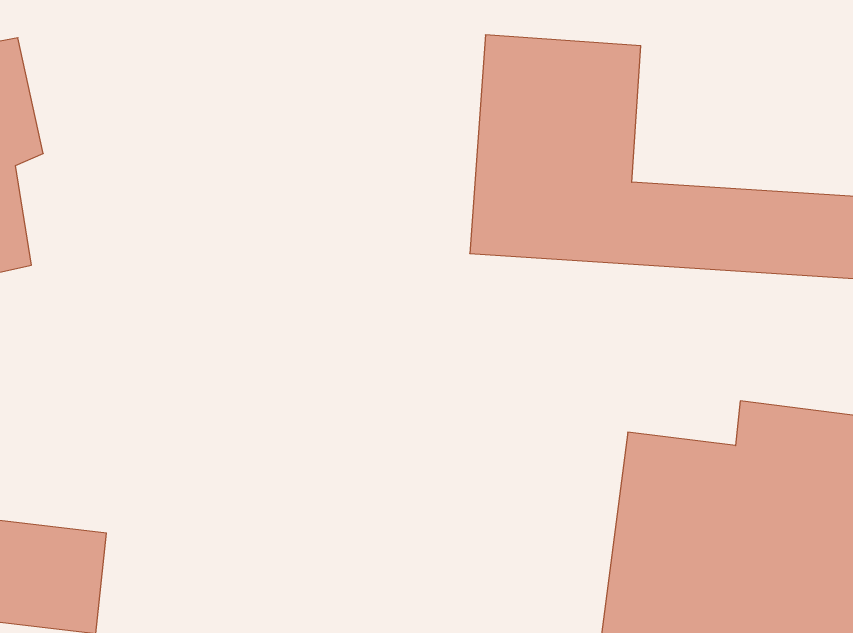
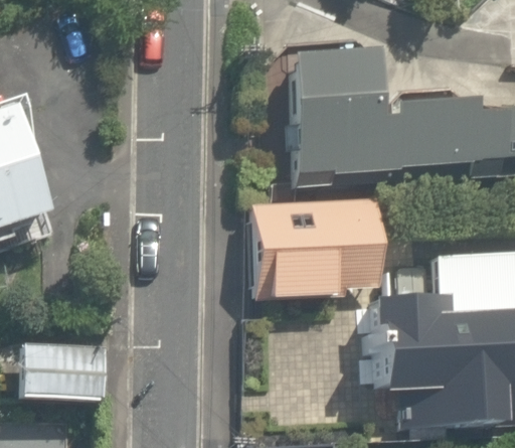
building: none -> [245,198,376,295]

